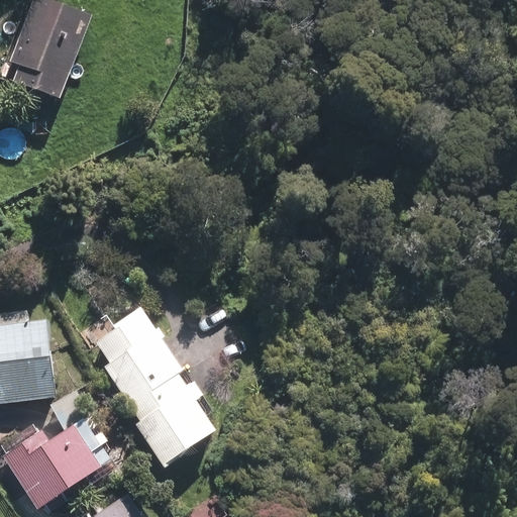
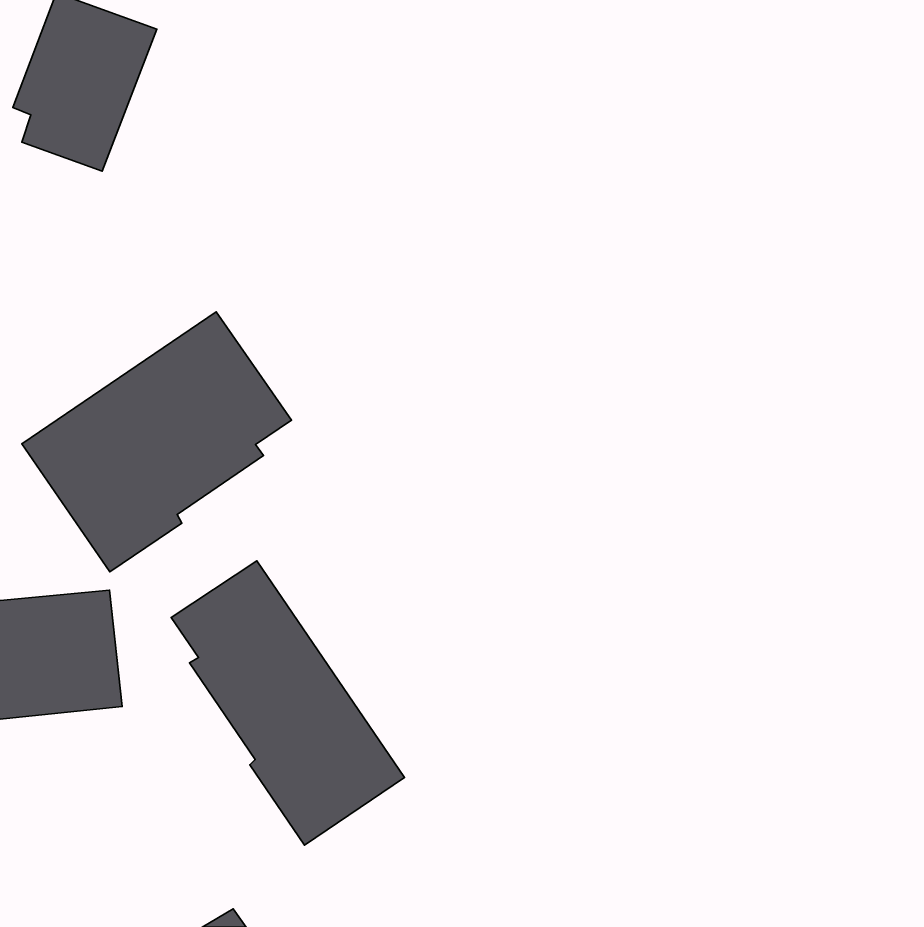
building: none -> [22,312,291,572]
building: [6,420,91,502] -> none

